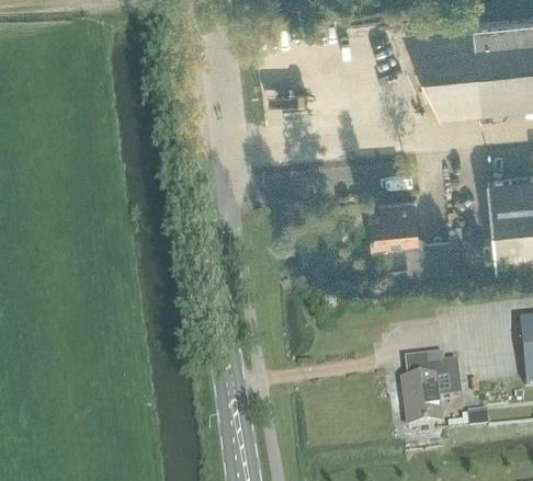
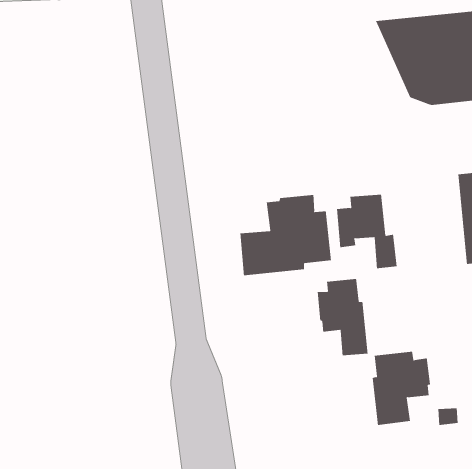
building: none -> [240,194,331,276]
building: none -> [317,278,368,356]

